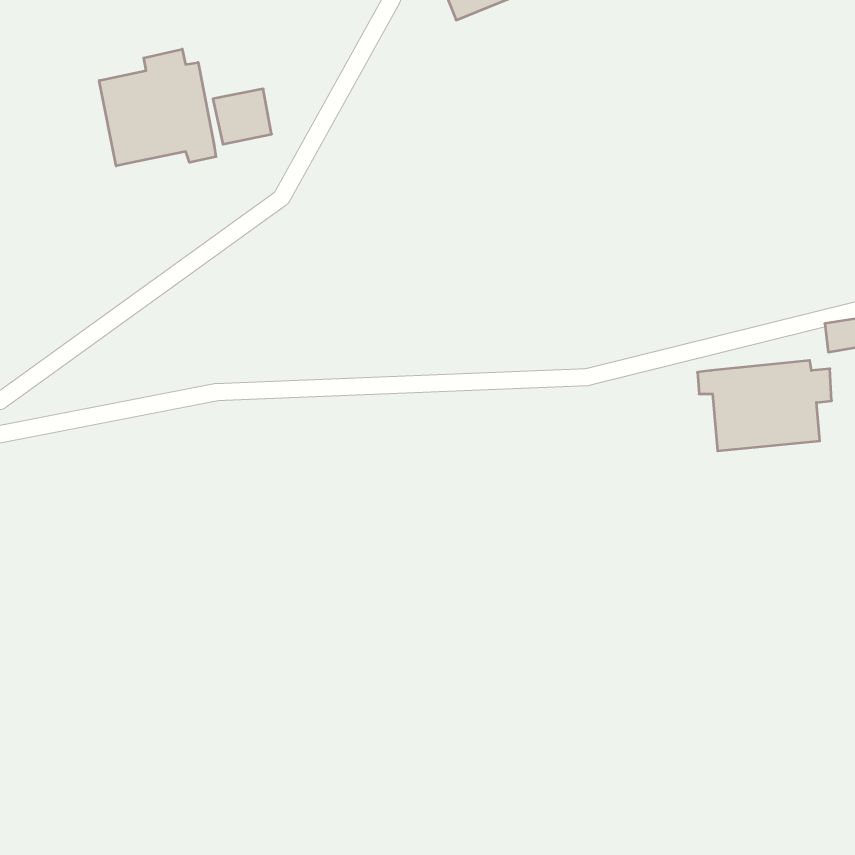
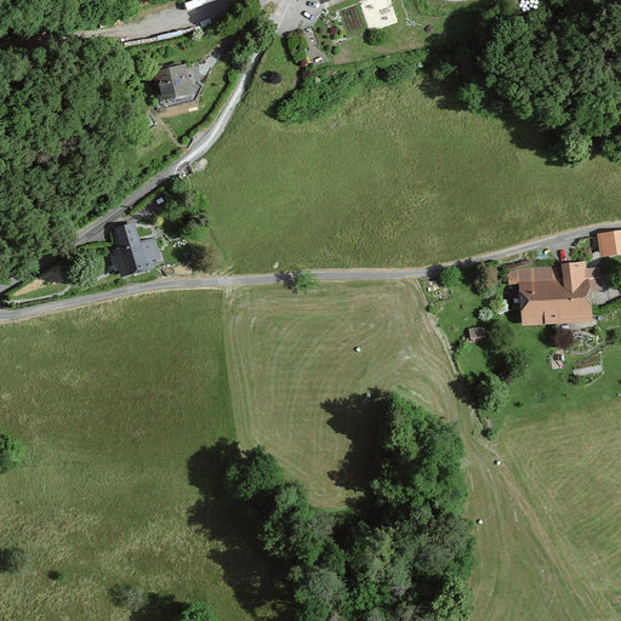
building: [99,49,216,166] -> none
building: none -> [112,223,155,275]

